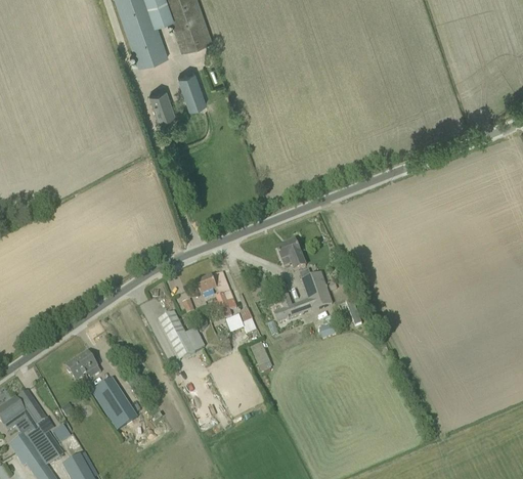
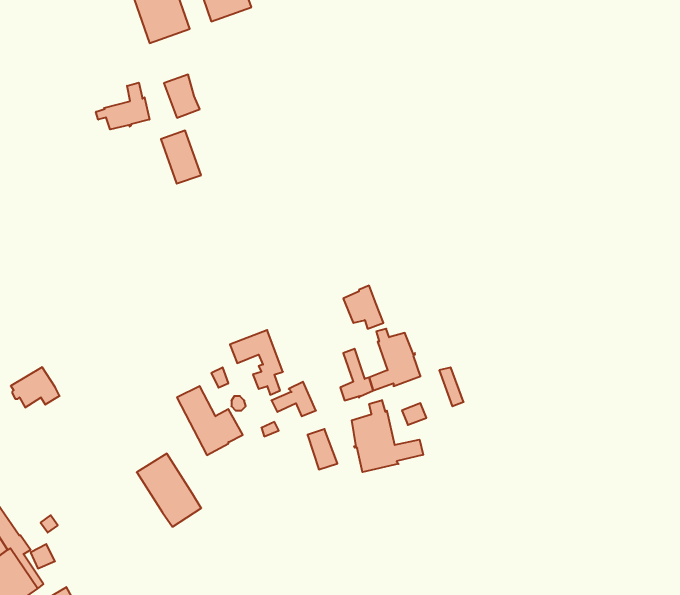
building: [177,70,206,107] -> [161,131,201,184]
building: none -> [96,83,149,129]
building: none -> [352,400,423,472]
building: [66,350,100,379] -> [11,367,60,407]
building: [91,377,137,429] -> [137,454,201,527]

